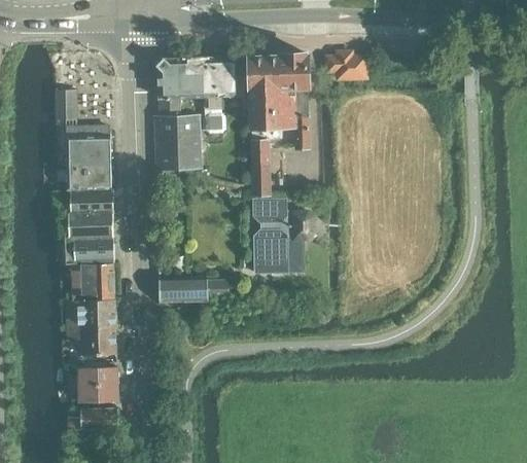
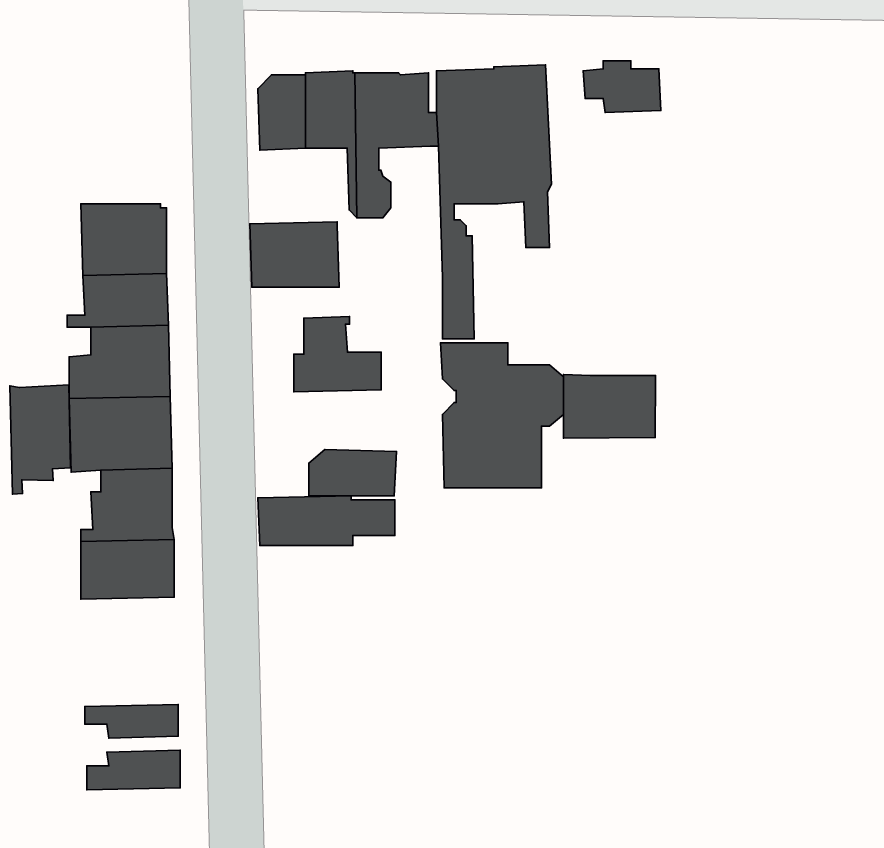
building: [57,90,78,118] -> none
building: [154,97,200,136] -> [294,316,381,392]
building: none -> [563,374,655,438]
building: none -> [10,385,71,494]
building: none -> [309,450,396,496]
building: [67,329,116,355] -> none
building: [69,367,117,386] -> none

